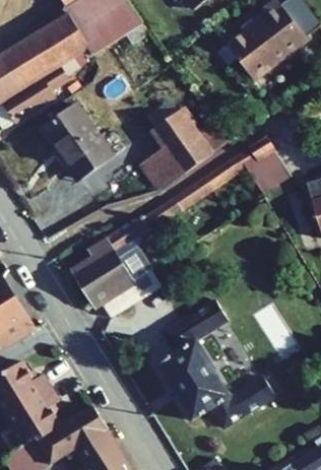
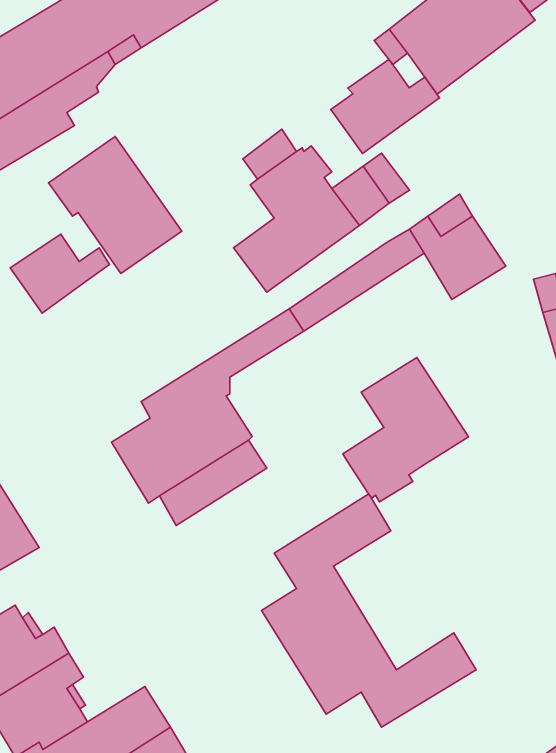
building: none -> [331,59,440,153]
building: none -> [10,234,110,313]
building: none -> [343,357,468,502]

